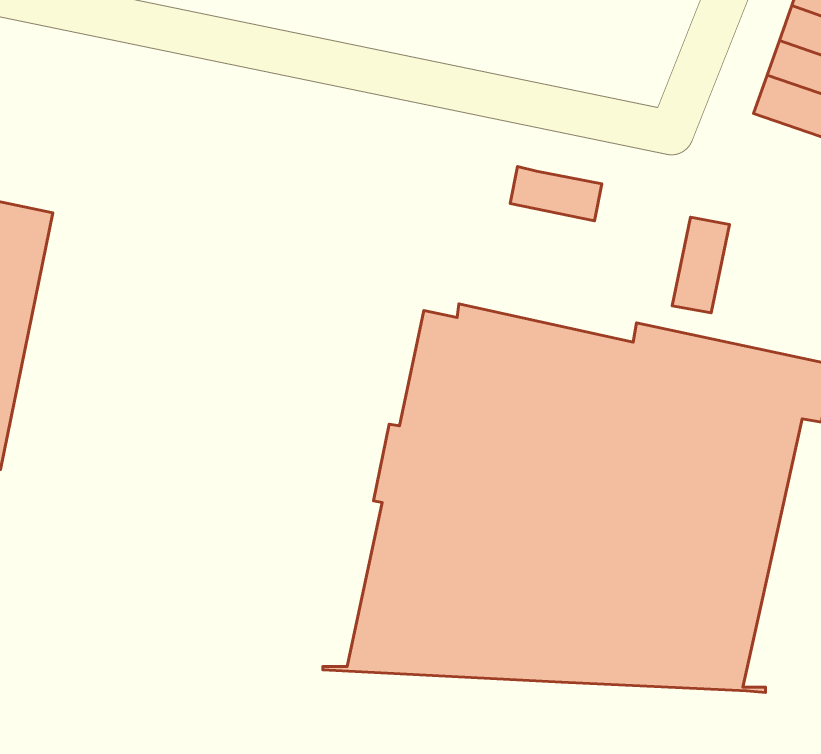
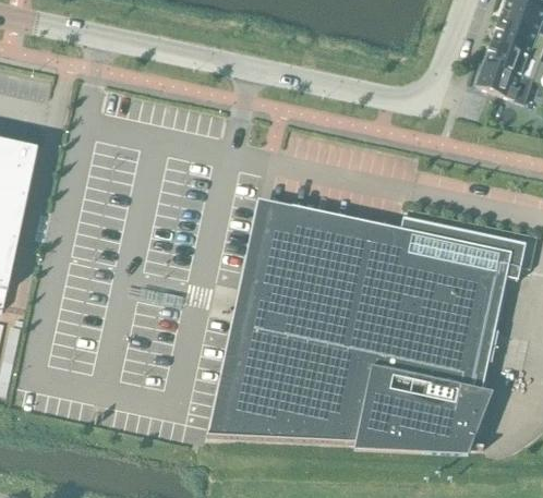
building: [510,166,602,221] -> none
building: [672,217,730,313] -> none

